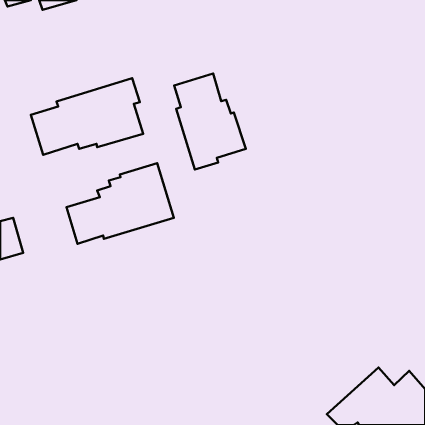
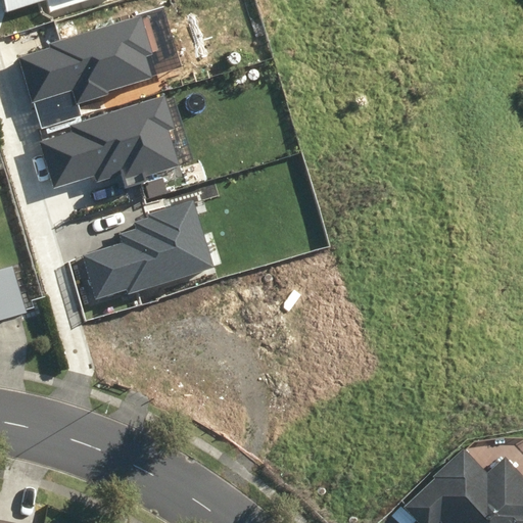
building: none -> [17,15,154,104]
building: [174,74,246,170] -> none

